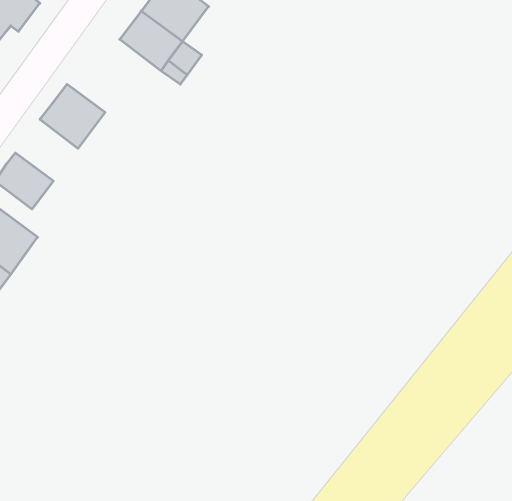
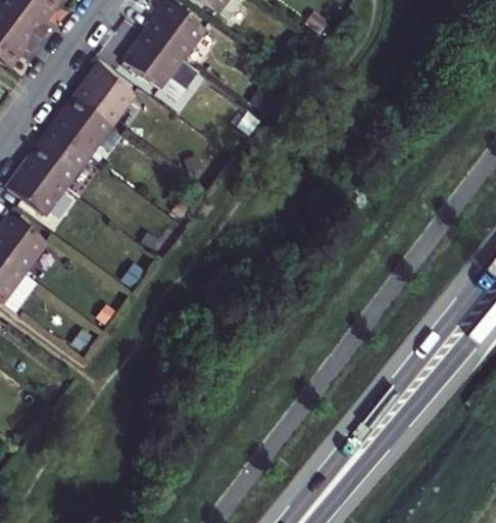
building: none -> [75,68,133,126]
building: none -> [28,132,85,188]

